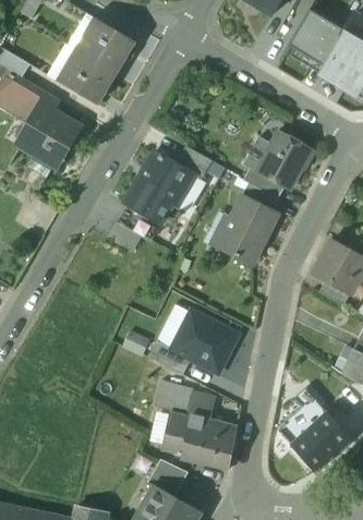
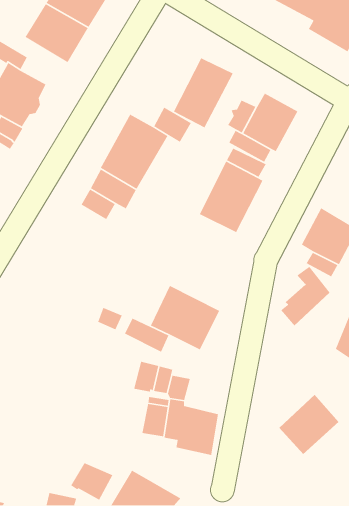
building: none -> [173,57,234,129]
building: [279,387,326,444] -> [280,266,331,327]
building: [148,458,189,494] -> [70,462,114,501]

